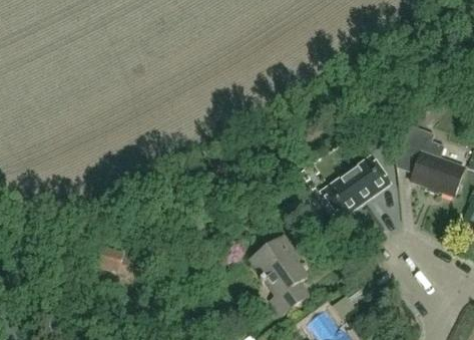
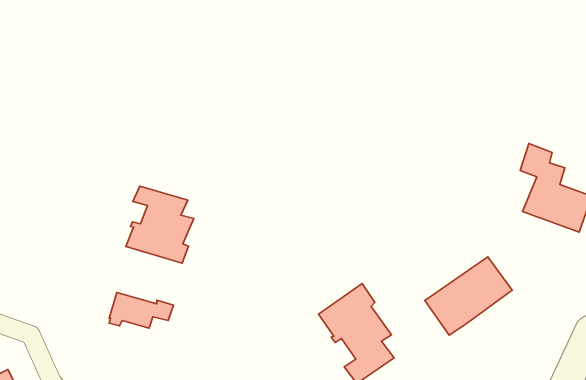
building: [320,156,388,218] -> [425,257,512,335]
building: none -> [126,186,194,263]

